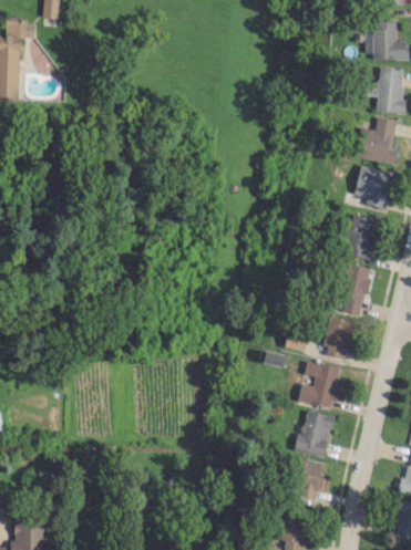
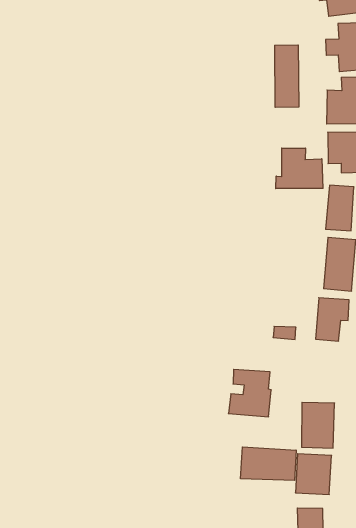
building: none -> [275,45,299,107]
building: none -> [276,148,323,189]
building: [298,361,341,408] -> [228,369,271,417]
building: none -> [241,447,296,480]

